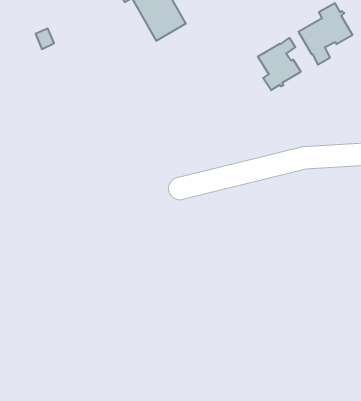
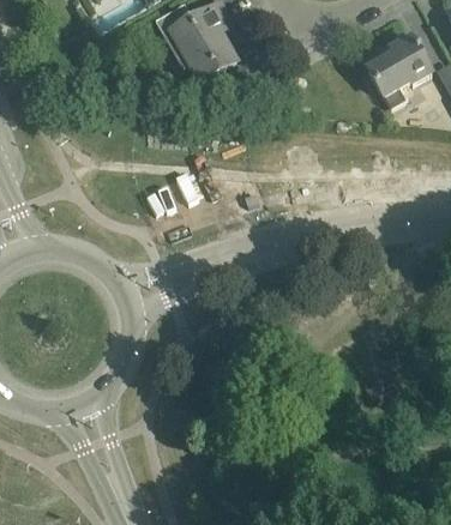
building: [258,38,301,90] -> none

